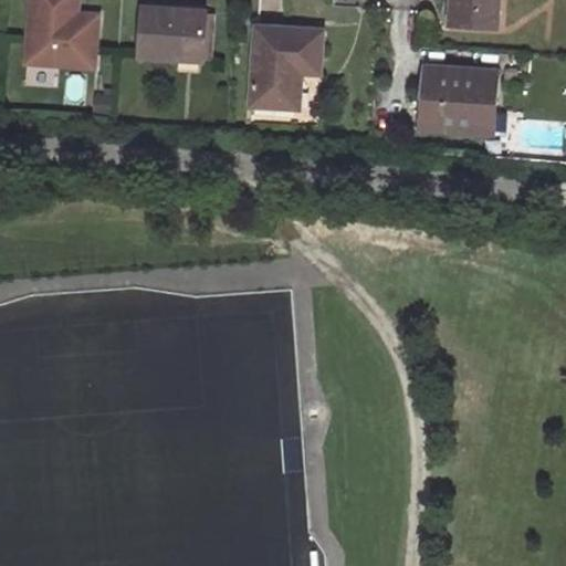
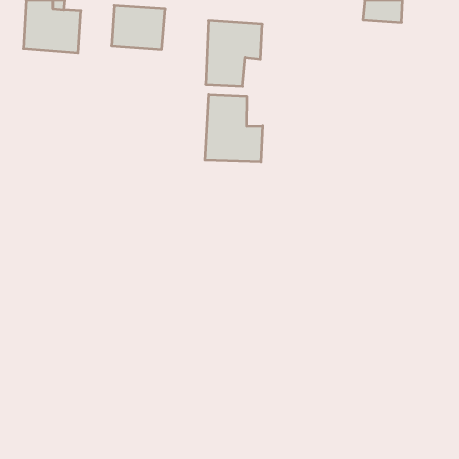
building: [419,65,495,130] -> none
building: none -> [205,94,263,162]

